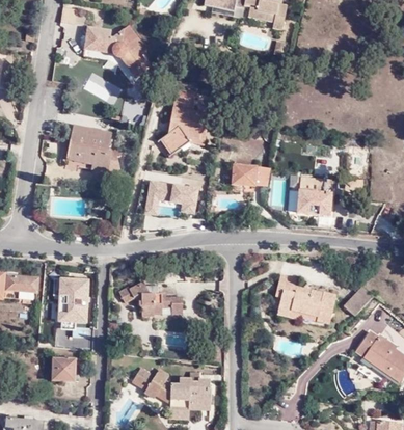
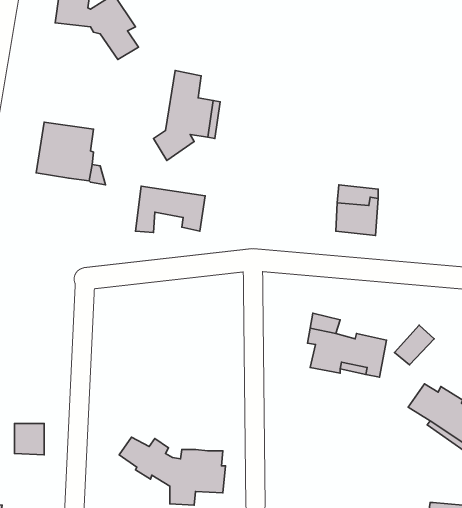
building: [227,161,268,186] -> none
building: [57,275,88,320] -> none
building: [118,281,183,316] -> none

